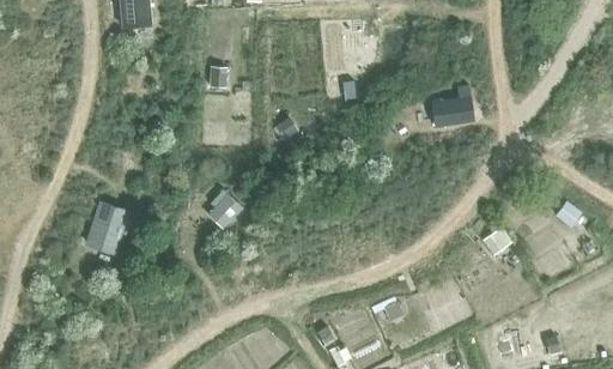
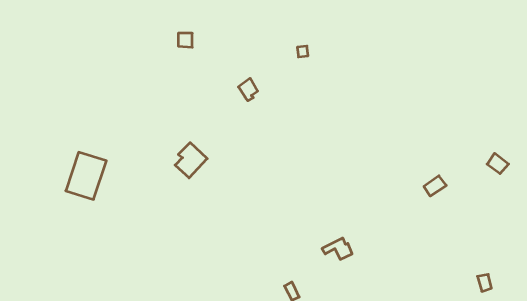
building: [431,85,473,128] -> none

